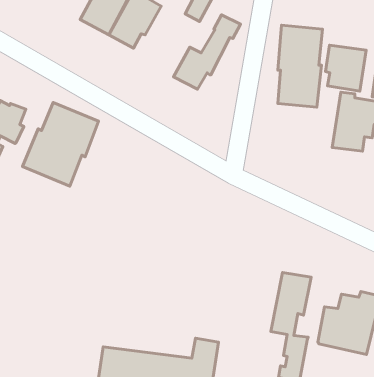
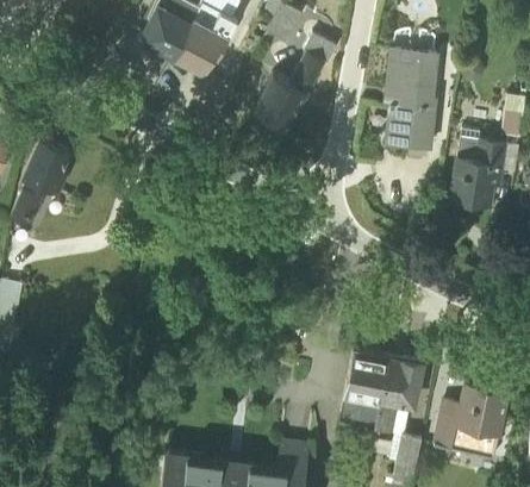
building: [326,45,366,91] -> none
building: [22,102,98,186] -> none
building: none -> [341,348,389,429]

